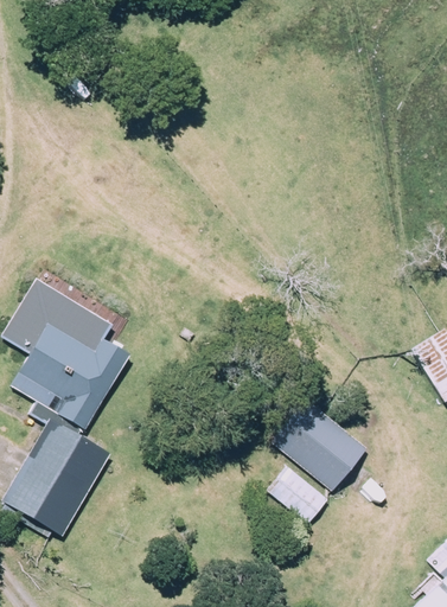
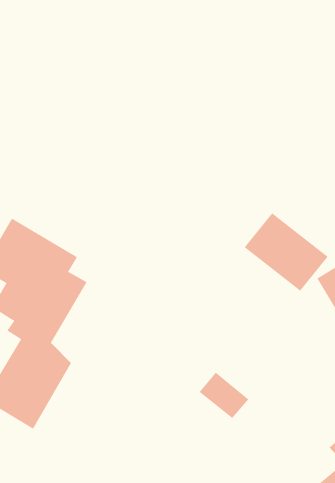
building: [264,396,369,493] -> [244,213,328,291]

